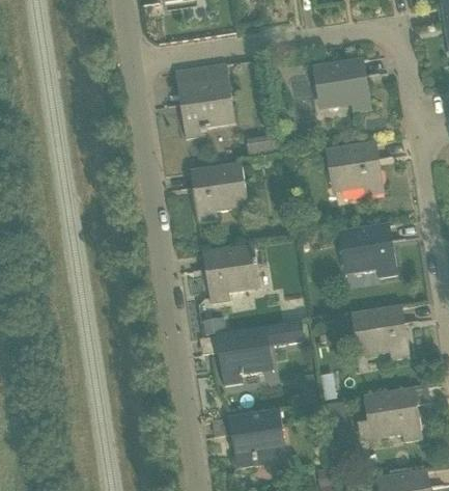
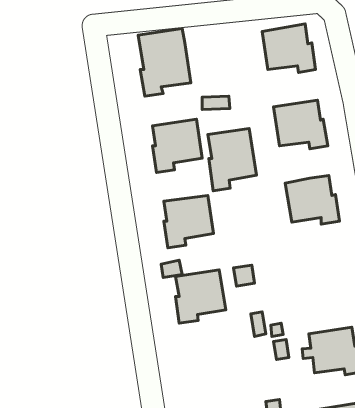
building: none -> [208,128,257,191]
building: [350,306,409,358] -> none
building: [230,409,285,466] -> none

